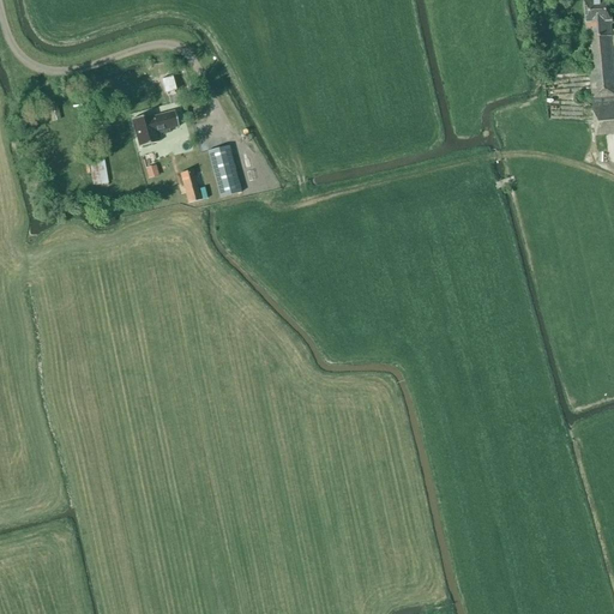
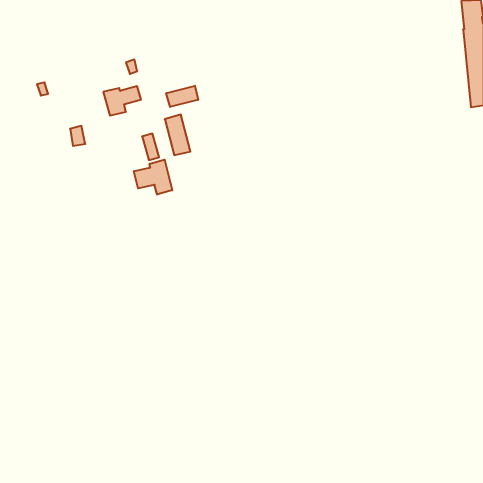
building: none -> [166,86,198,107]
building: none -> [134,160,172,195]

